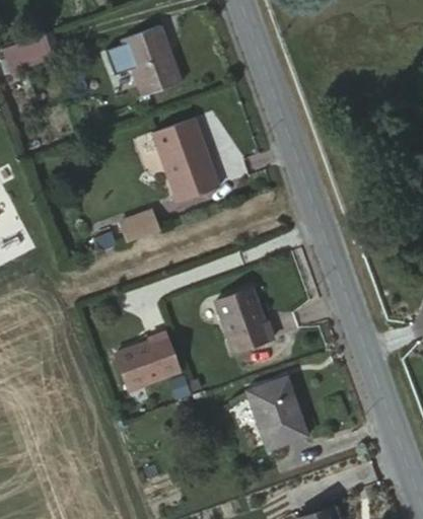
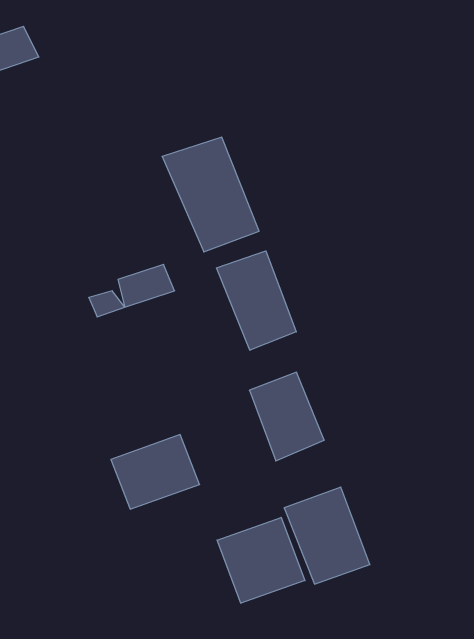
building: [109,23,183,95] -> none
building: none -> [217,251,296,350]
building: none -> [217,517,305,603]

